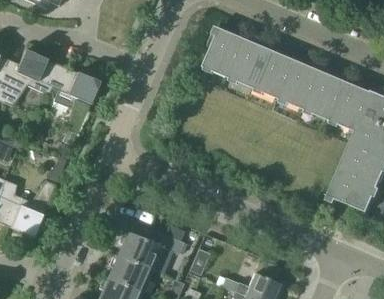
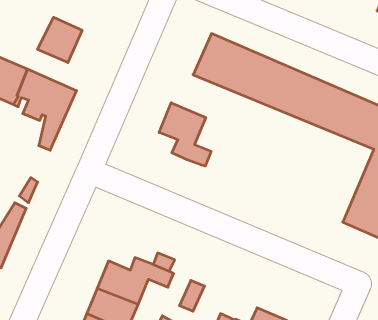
building: none -> [38,17,82,63]
building: none -> [159,103,211,166]

